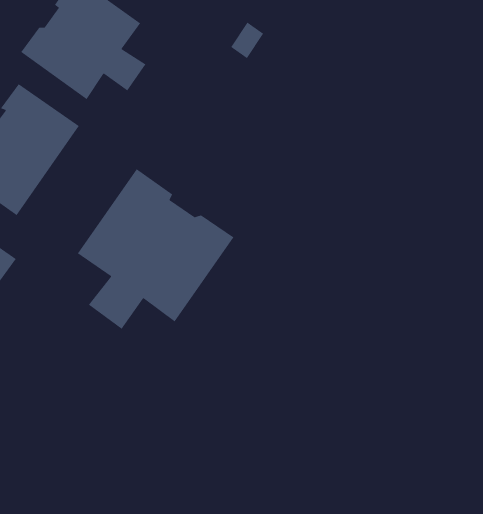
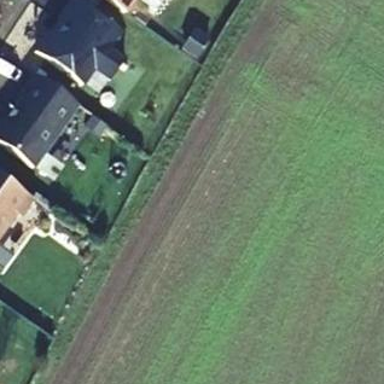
building: [77,168,234,330] -> none

